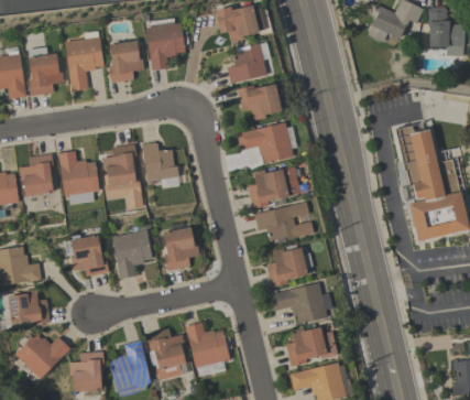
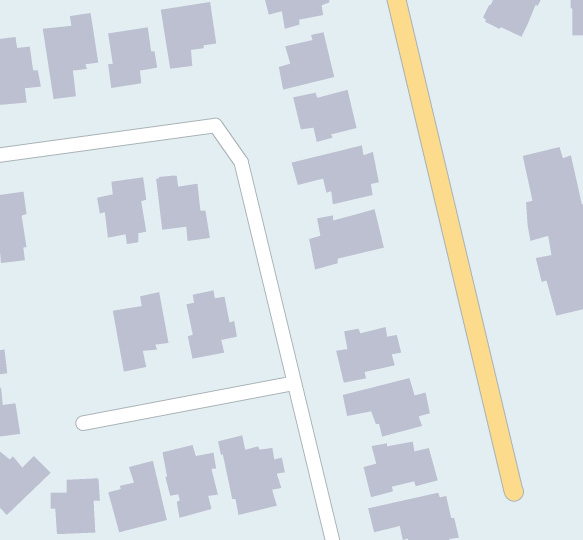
building: [58,150,99,204] -> none
building: [254,201,314,244] -> none
building: [70,235,109,275] -> none

